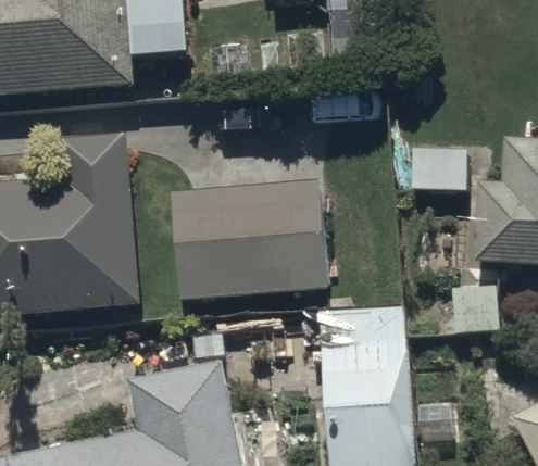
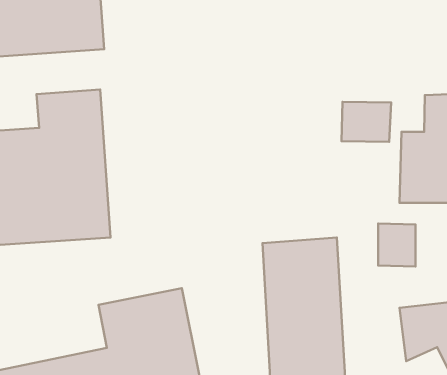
building: [171,180,325,298] -> none

